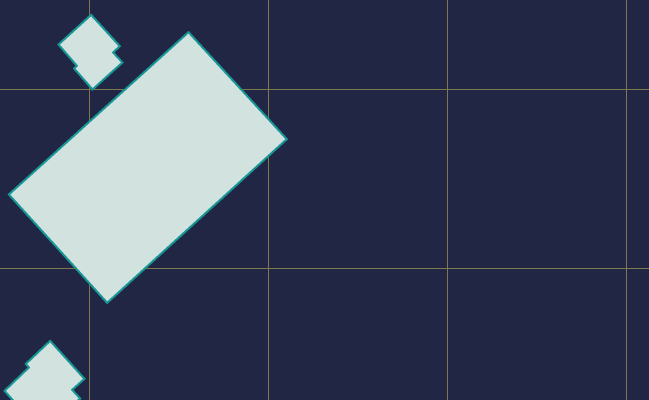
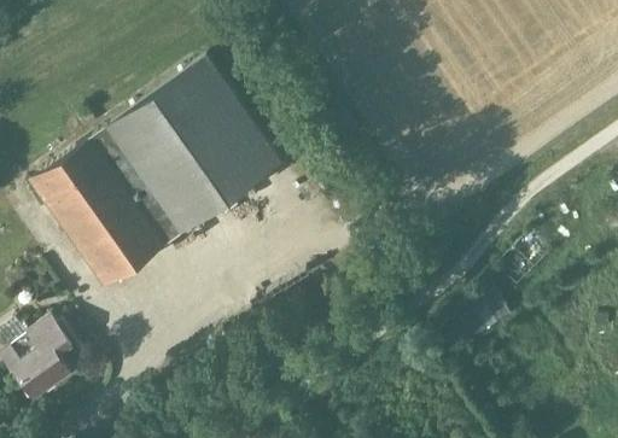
building: [59,15,122,90] -> none

